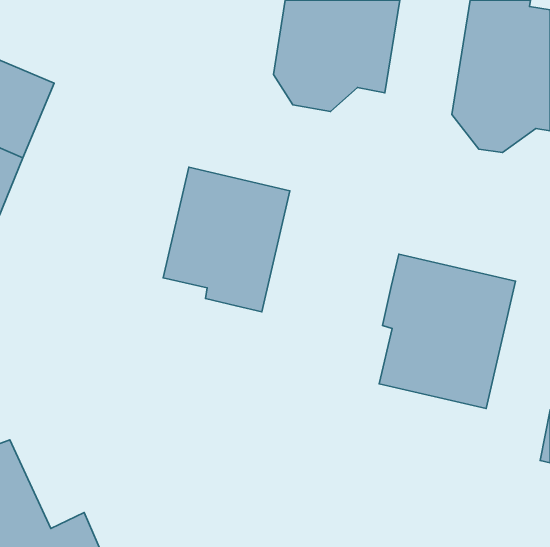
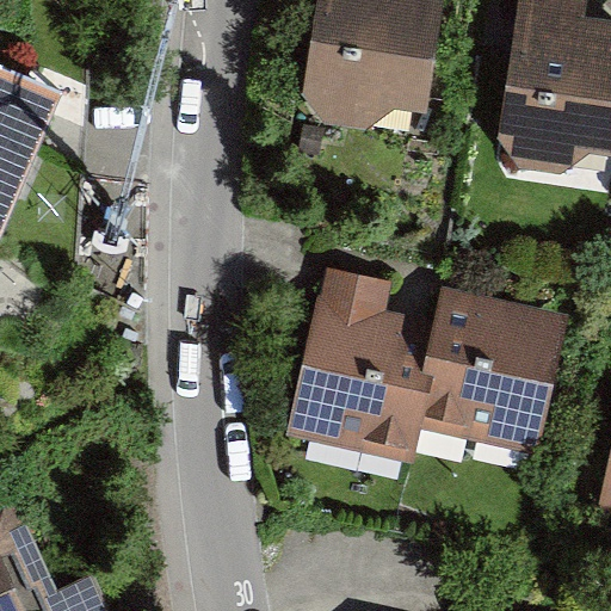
building: [163,167,290,312] -> none
building: none -> [285,267,433,462]

